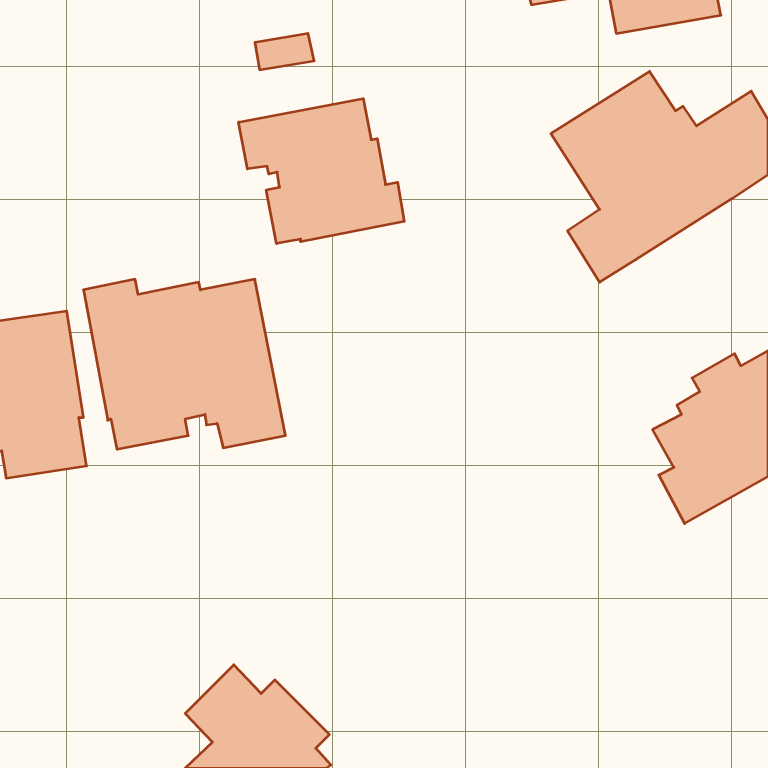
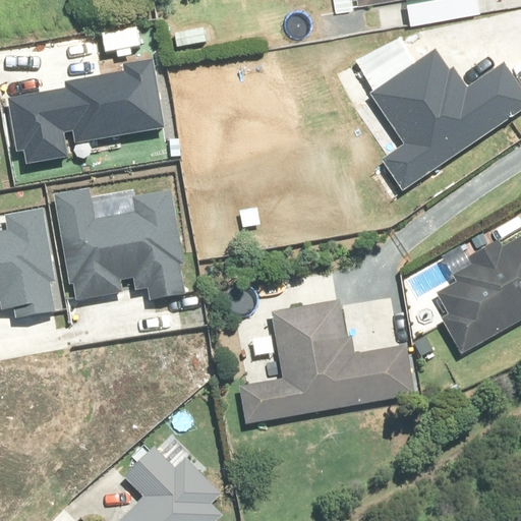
building: [239,99,404,244] -> none
building: none -> [6,66,159,162]
building: none -> [239,299,415,428]

